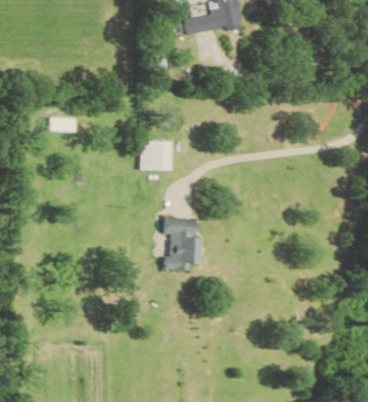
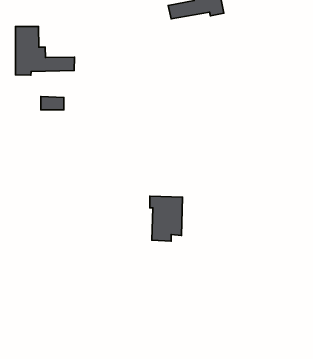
building: none -> [16,26,75,75]
building: [140,140,171,168] -> none

